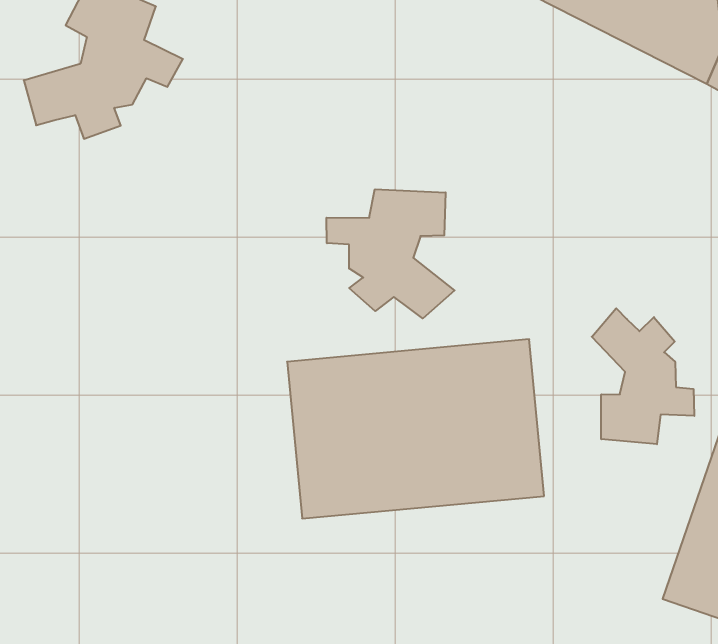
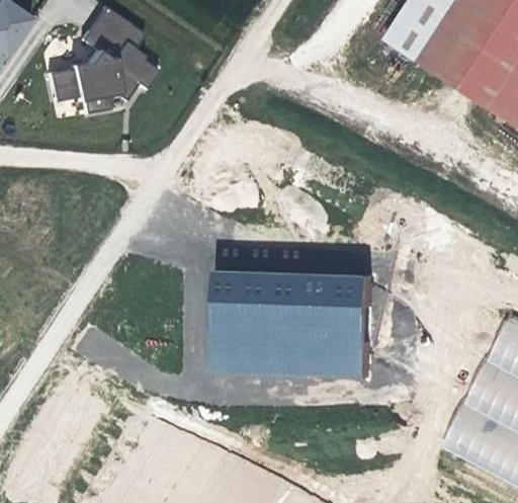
building: [327,189,455,318] -> none
building: [592,308,694,444] -> none

